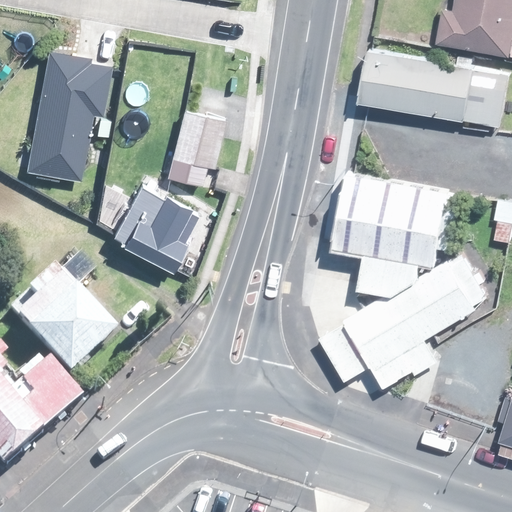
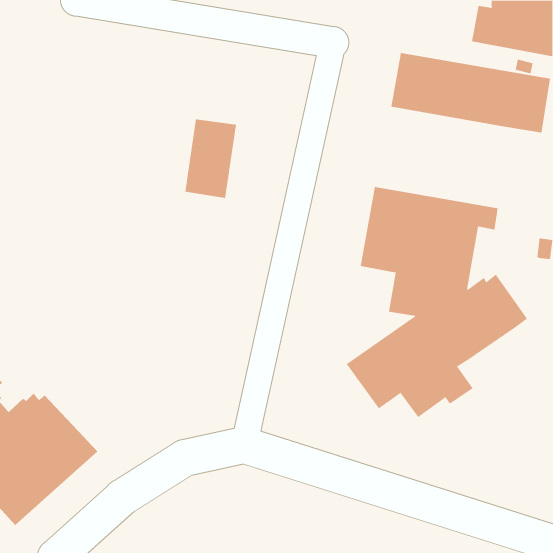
building: [32,56,115,182] -> none
building: [109,185,205,274] -> none
building: [5,261,110,379] -> none

